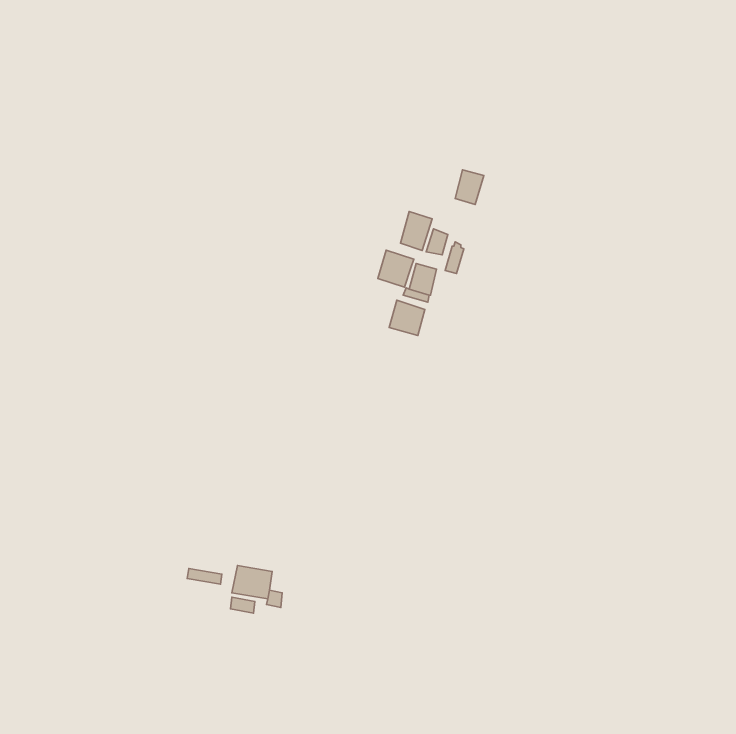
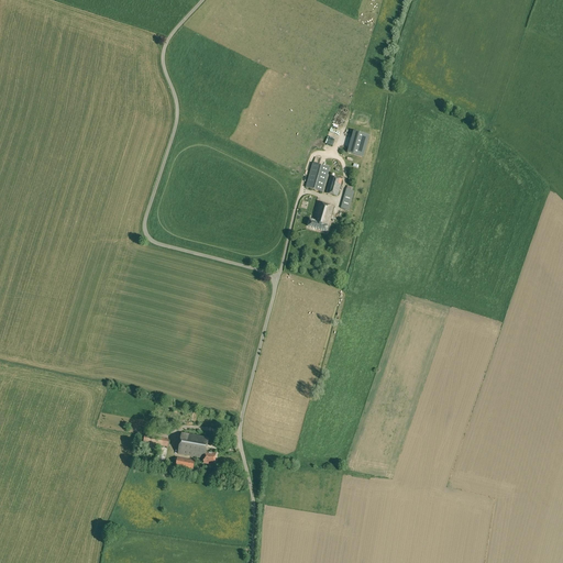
building: [378,250,414,287] -> none
building: [389,300,425,335] -> none

